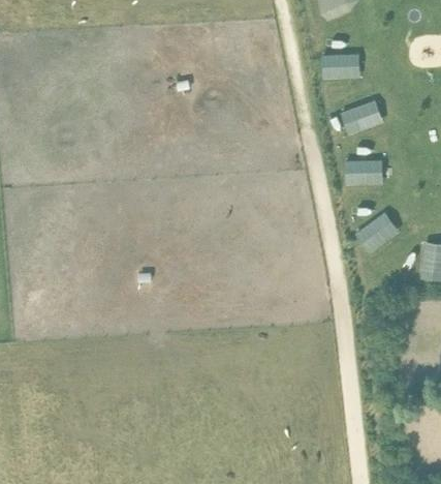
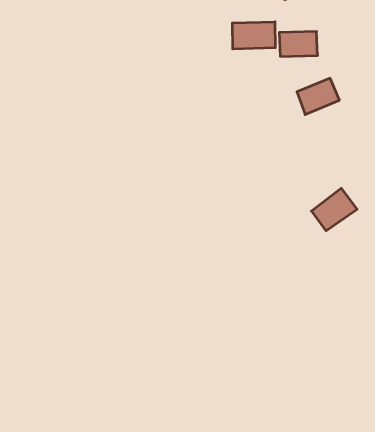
building: none -> [232,22,275,49]
building: [345,159,382,183] -> none

